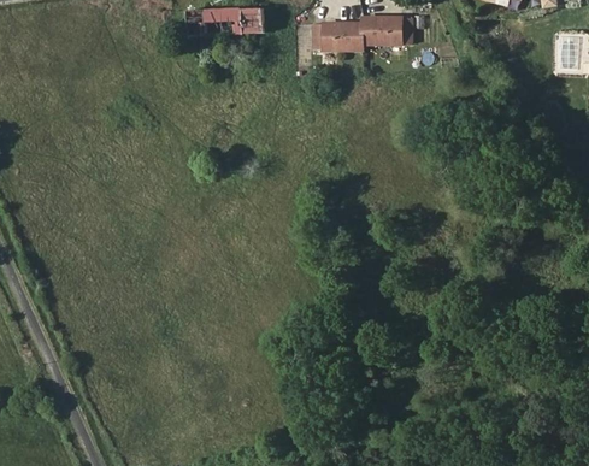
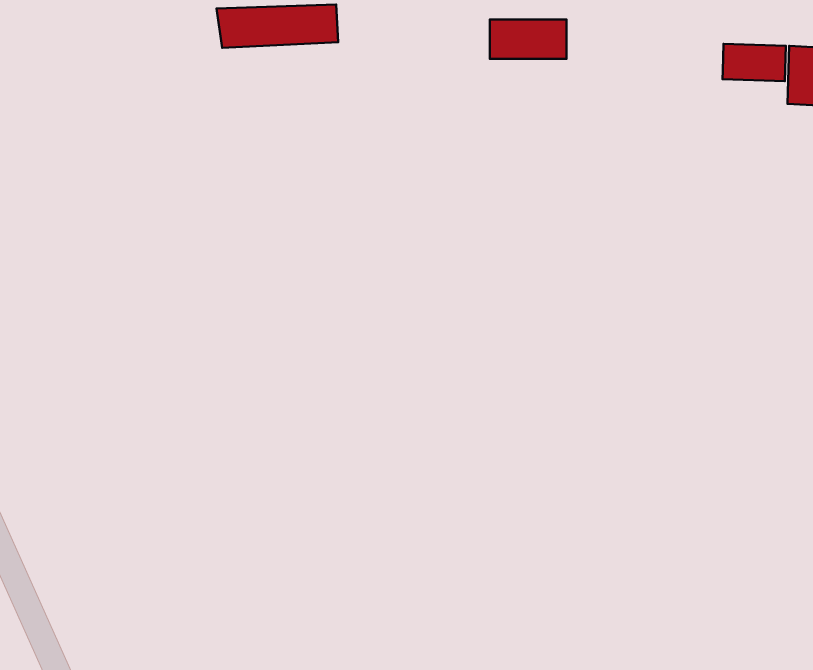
building: [314,23,363,48] -> none
building: none -> [723,44,786,81]

